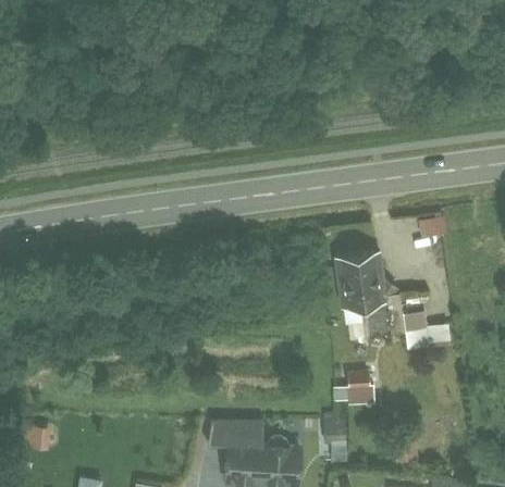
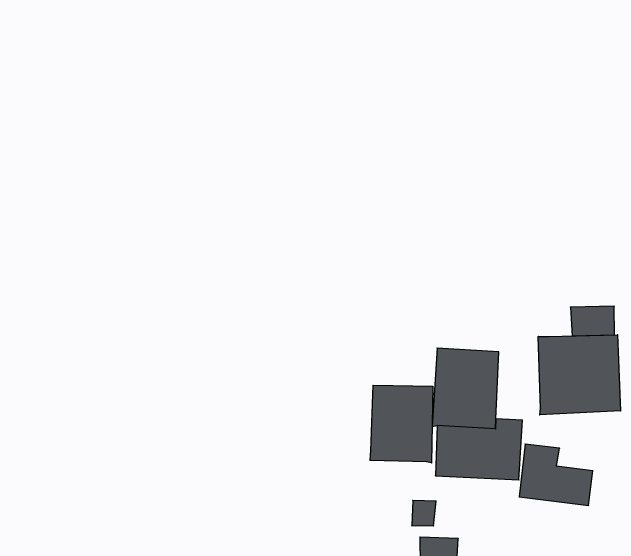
building: none -> [538,335,621,415]
building: none -> [370,385,433,463]

